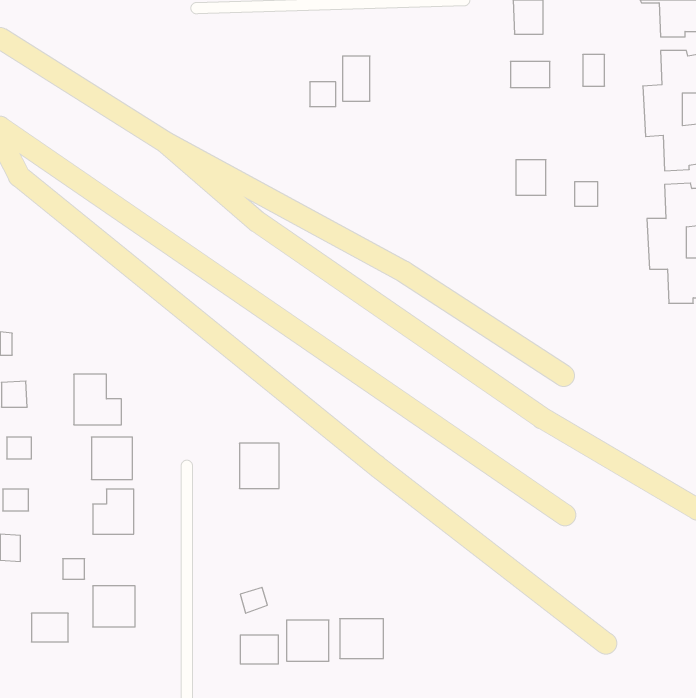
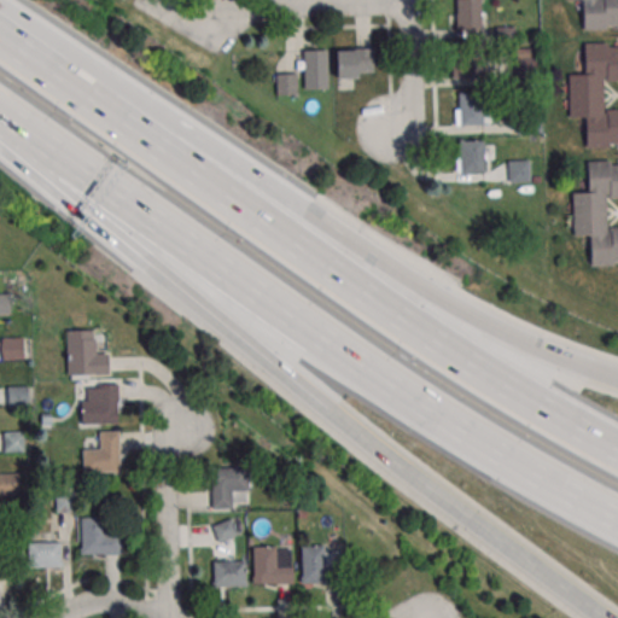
building: none -> [337,49,375,78]
building: none -> [456,92,490,124]
building: [239,443,279,488] -> [214,466,249,506]

